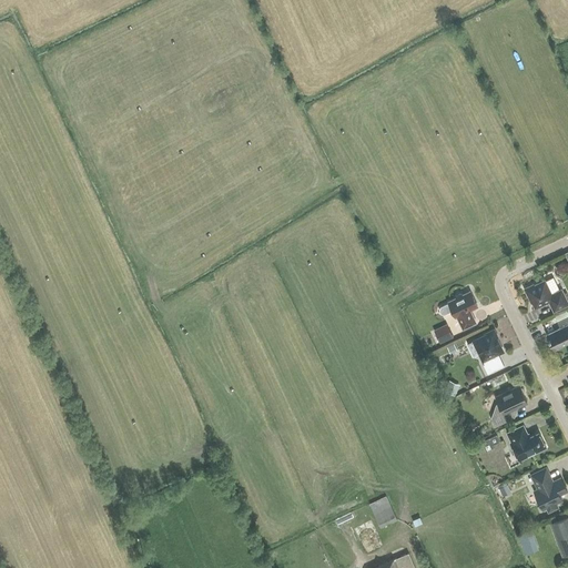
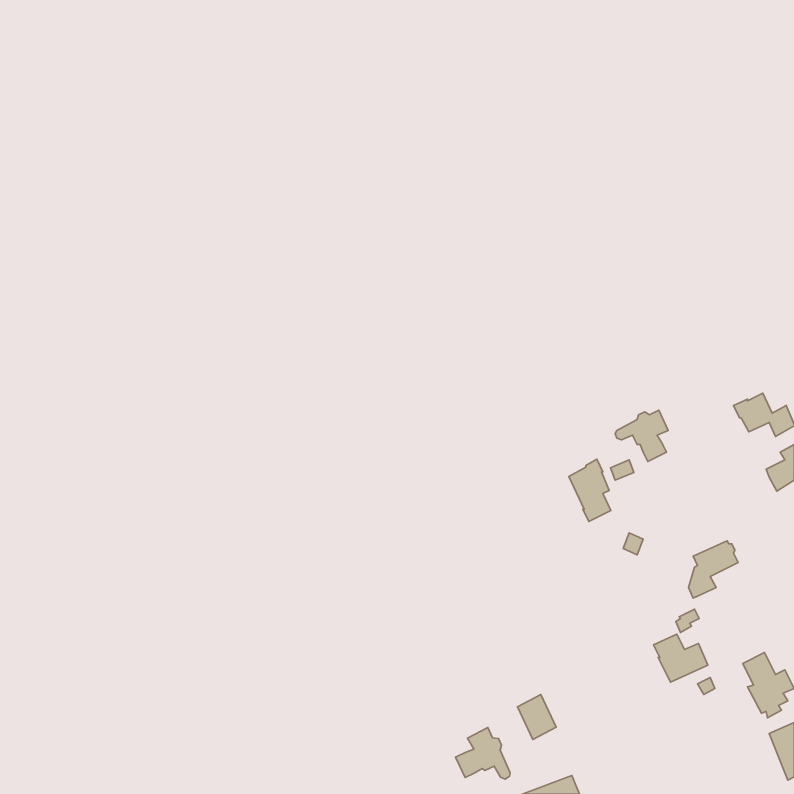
building: [474,329,504,374] -> [569,459,611,521]
building: [507,426,546,460] -> [654,634,708,682]
building: none -> [455,728,510,779]

